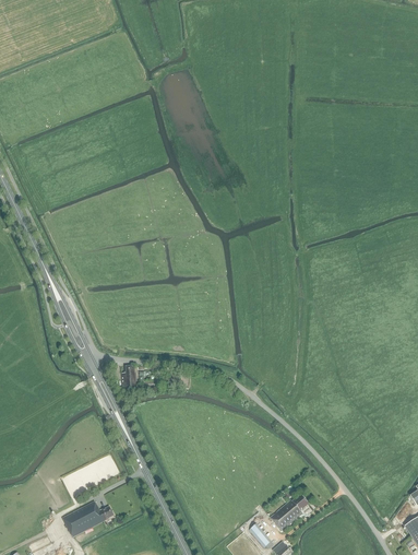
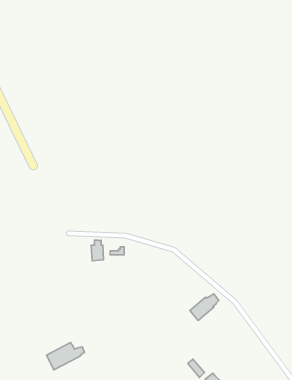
building: [271,495,309,530] -> [190,294,219,320]

